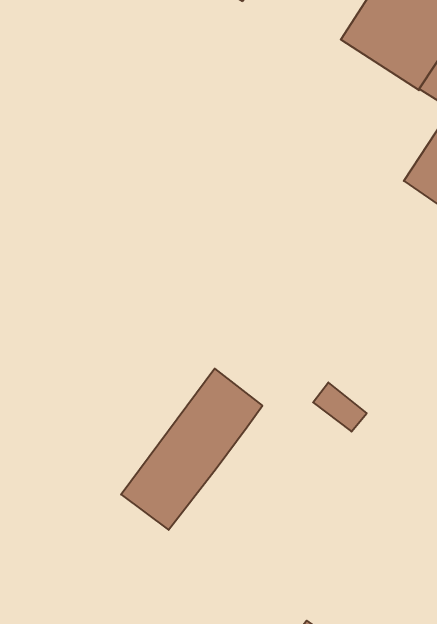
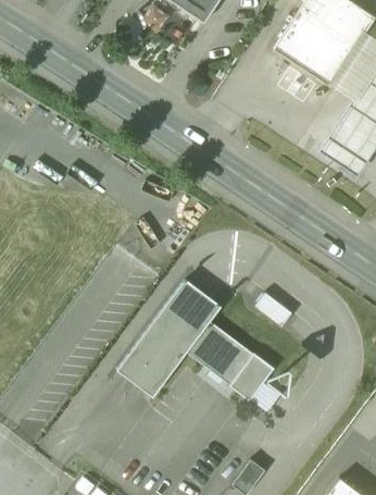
building: none -> [187,323,274,400]

